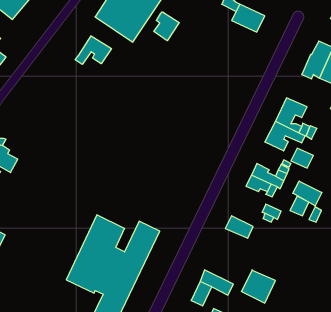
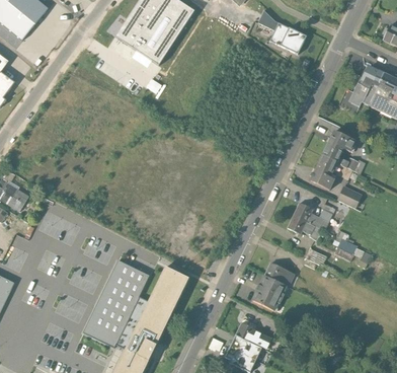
building: [154,12,179,41] -> none
building: [75,36,111,64] -> none
building: [293,181,322,206] -> none
building: [241,270,275,303] -> [249,274,288,311]

